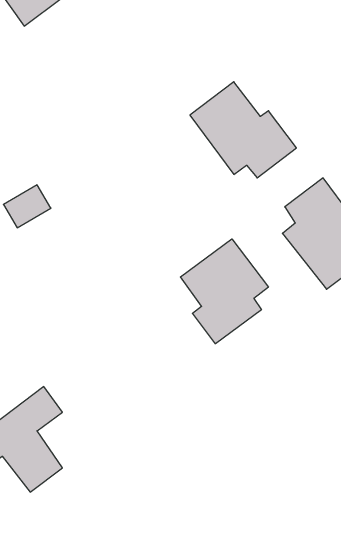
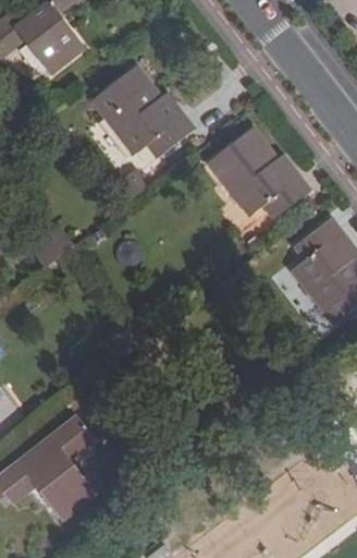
building: none -> [90,68,193,160]
building: [180,239,268,344] -> none

